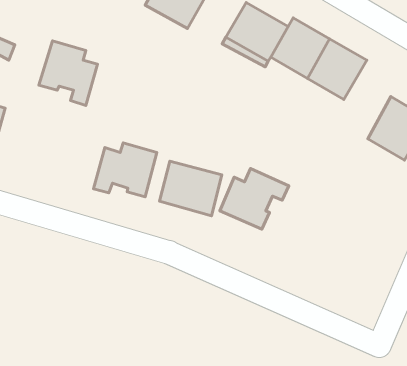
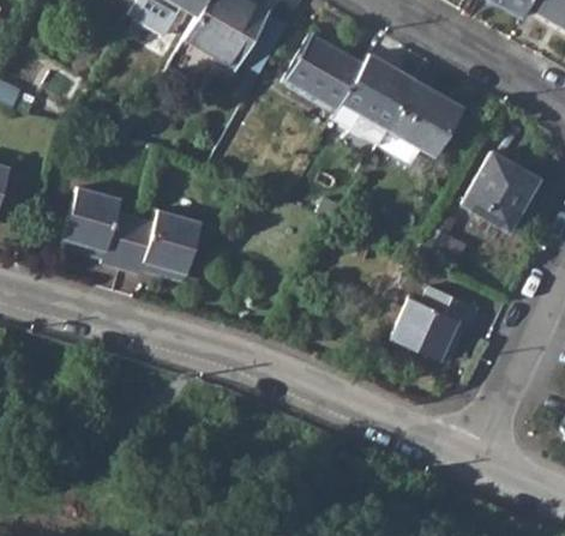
building: [39,41,98,105] -> [62,188,136,269]
building: [160,161,222,216] -> none
building: [220,168,289,229] -> [393,287,480,362]

